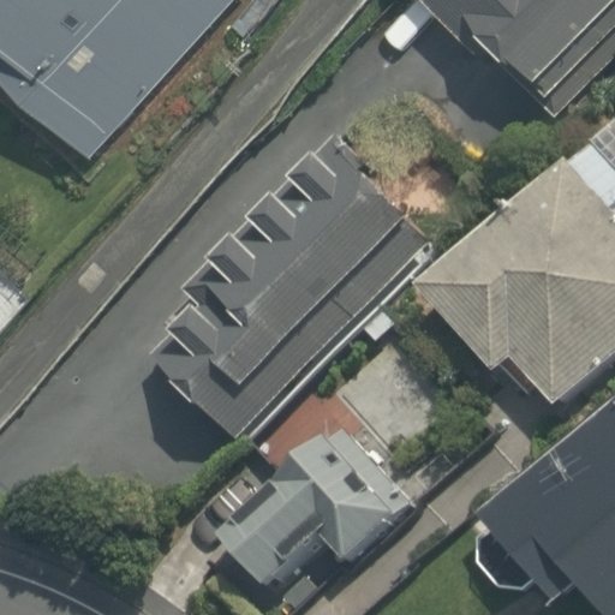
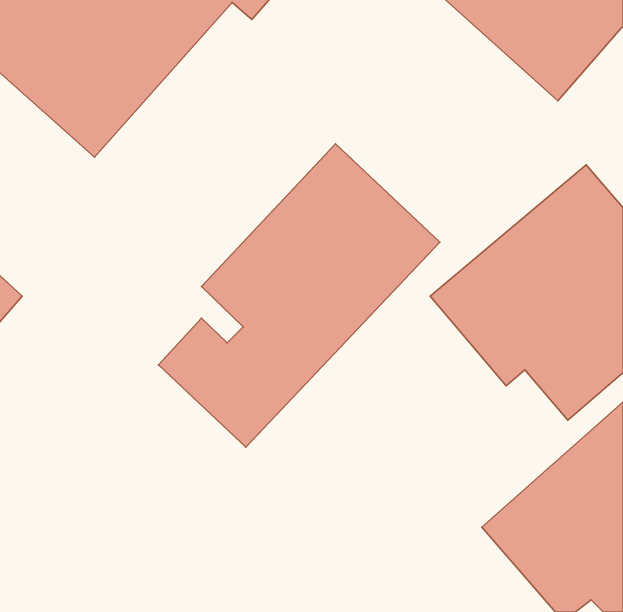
building: [227,426,425,593] -> none

